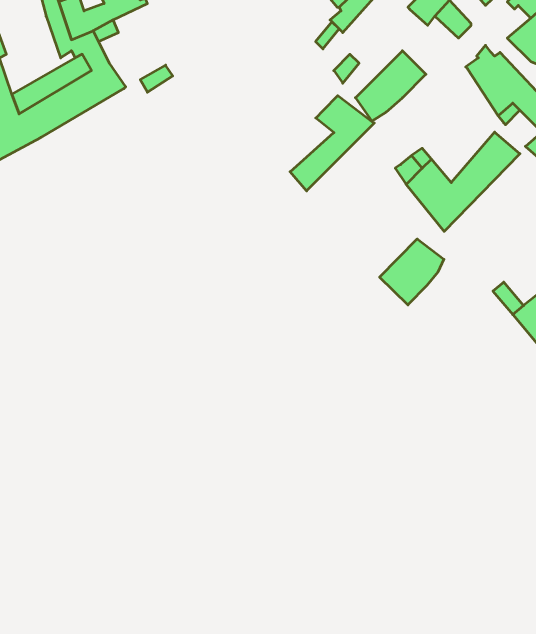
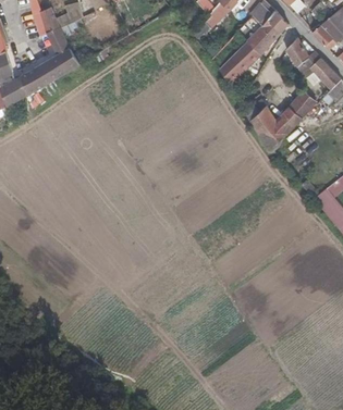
building: none -> [247,20,281,54]
building: [290,96,374,191] -> none
building: [380,239,444,305] -> none

